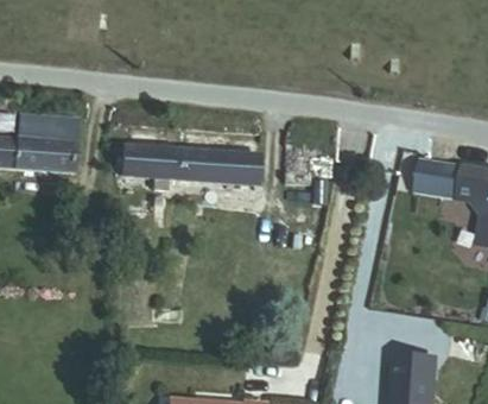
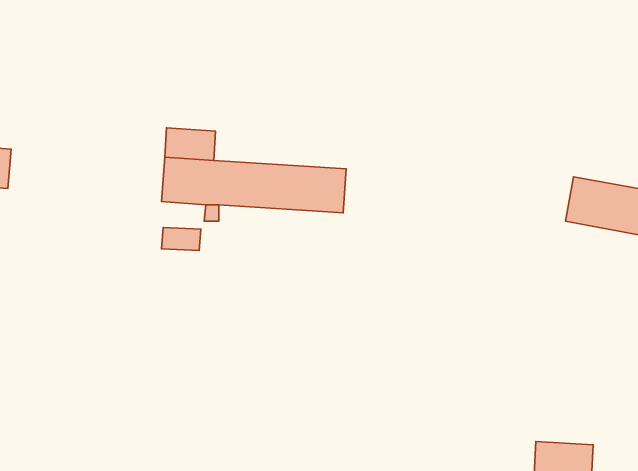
building: [9,112,71,171] -> none

